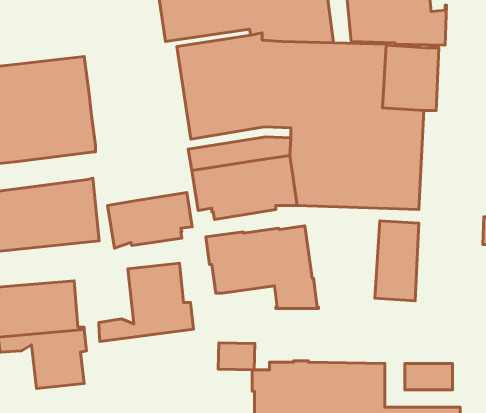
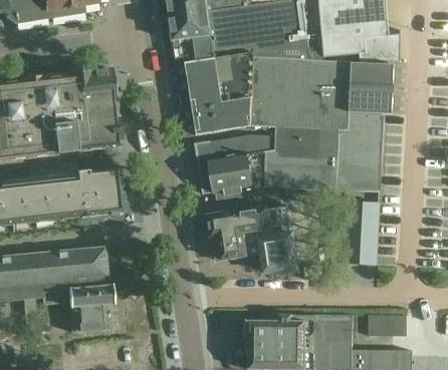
building: [107,193,192,248] -> none
building: [99,263,193,342] -> none
building: [218,343,255,370] -> none

